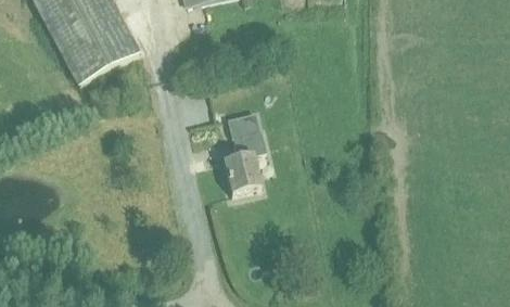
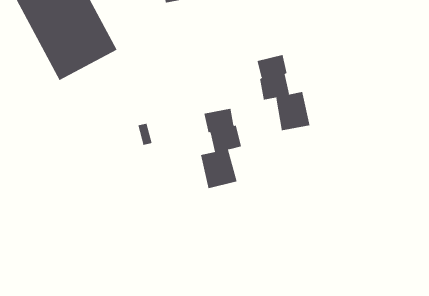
building: none -> [257,54,310,131]

